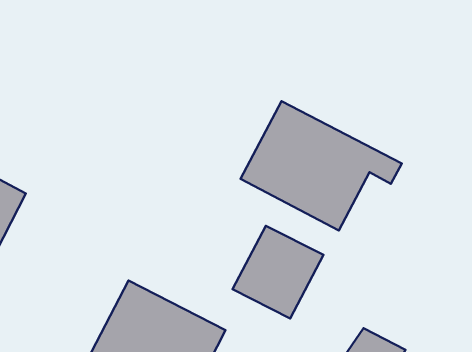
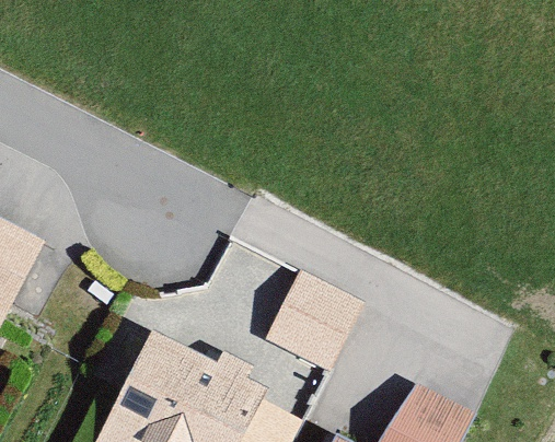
building: [241,101,402,230] -> none

